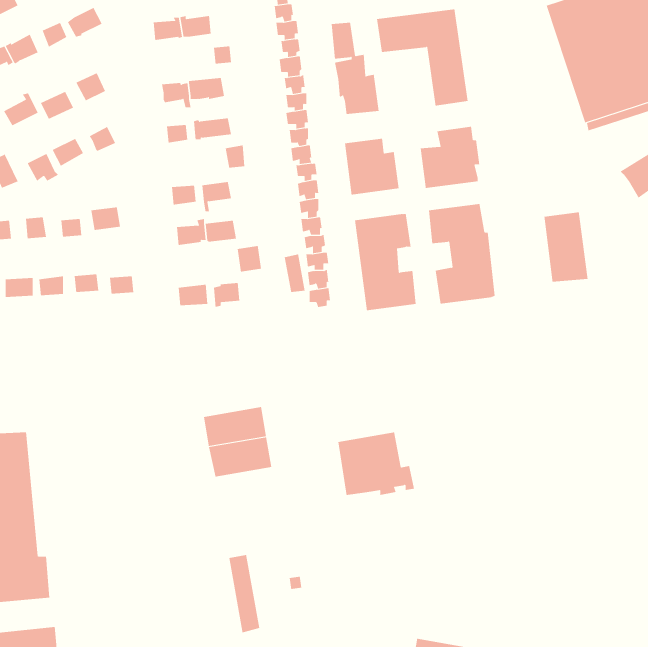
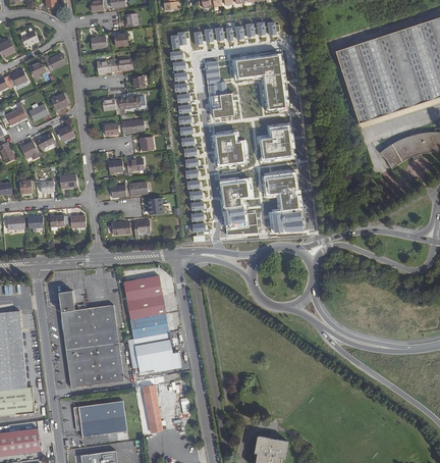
building: [544,211,588,282] -> none
building: none -> [122,275,162,301]
building: none -> [58,290,123,387]
building: [338,432,415,496] -> [133,331,180,370]
building: none -> [72,401,126,436]

